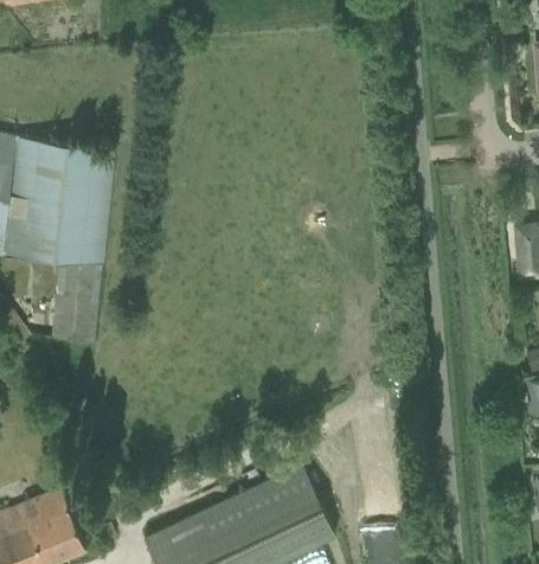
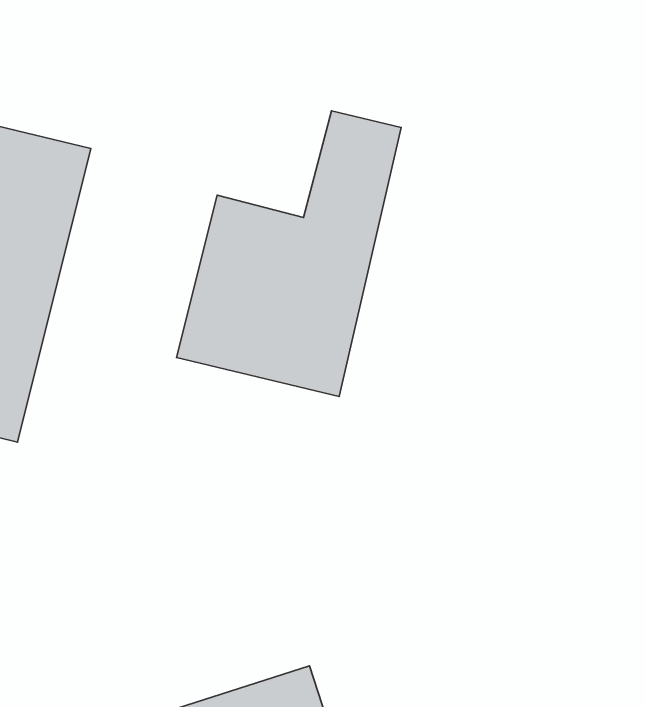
building: none -> [177,111,401,397]

